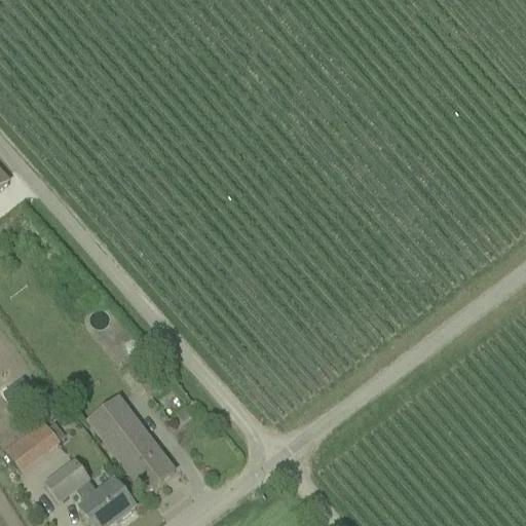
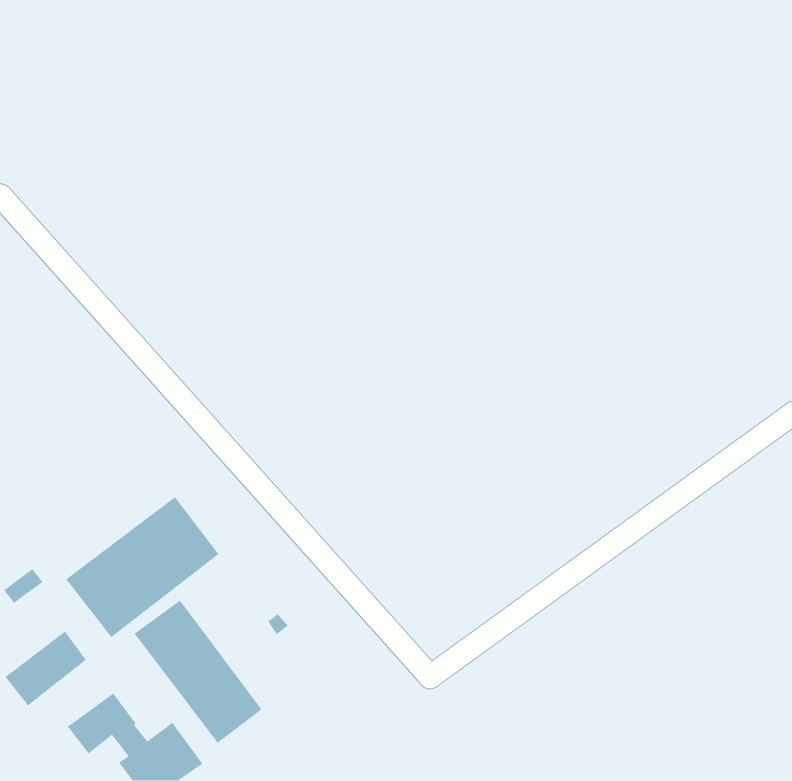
building: none -> [65,496,219,638]

